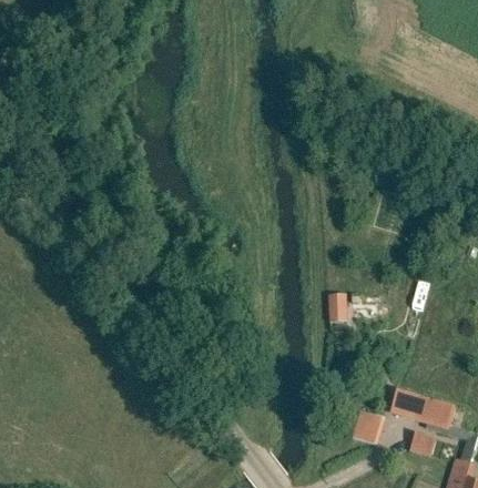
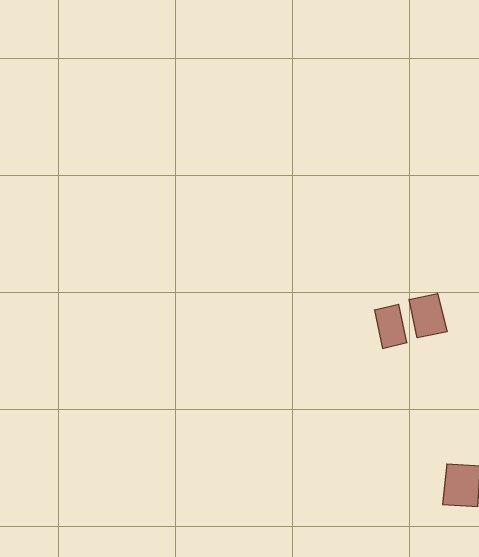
building: none -> [409,293,447,338]

